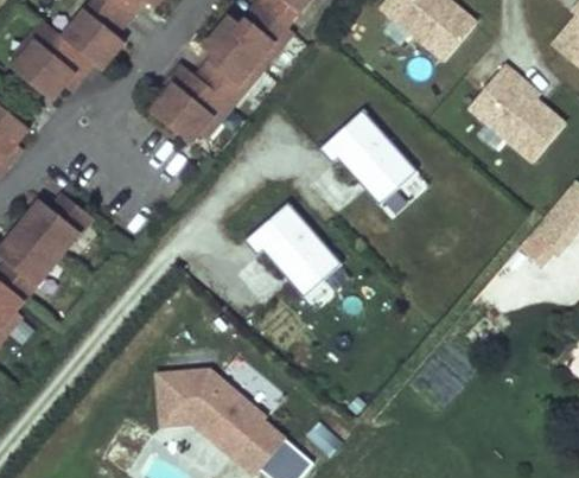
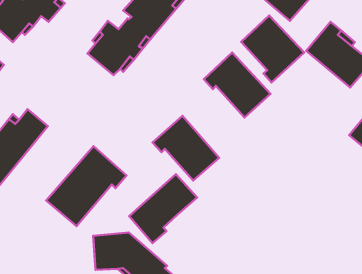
building: none -> [241,16,304,83]
building: none -> [46,146,127,226]
building: none -> [129,174,197,243]

